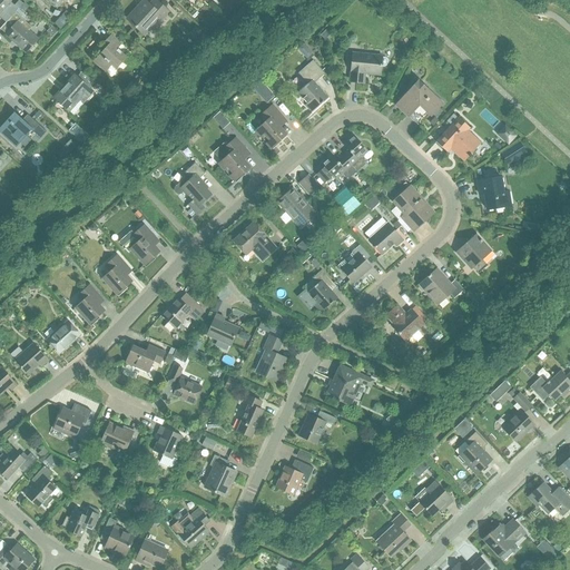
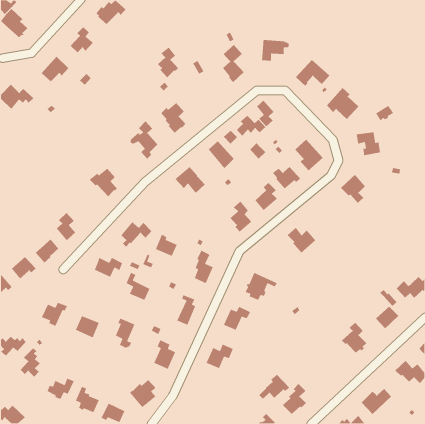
building: [257,105,286,147] -> [157,47,179,78]
building: [102,255,130,293] -> none
building: [420,268,463,304] -> none
building: [411,481,453,515] -> [259,374,290,399]

